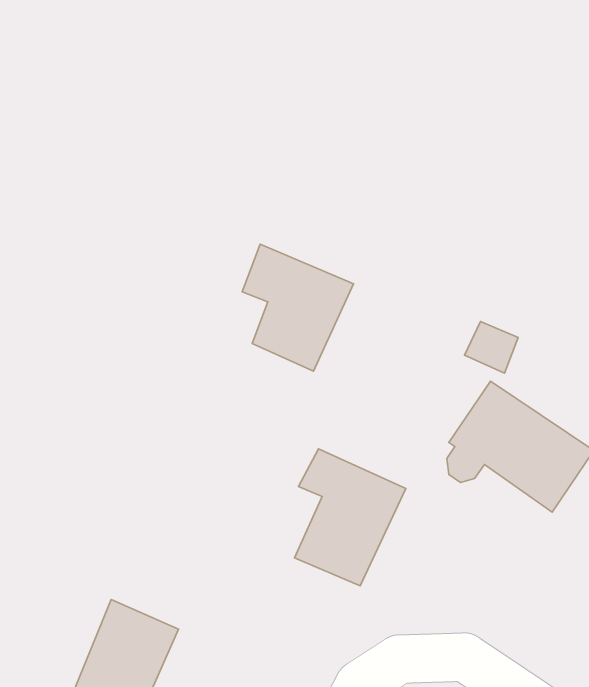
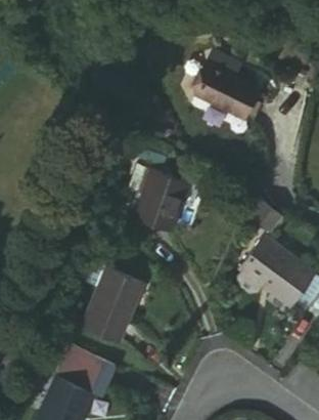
building: none -> [197,67,260,119]
building: [295,449,406,586] -> [83,271,140,342]

